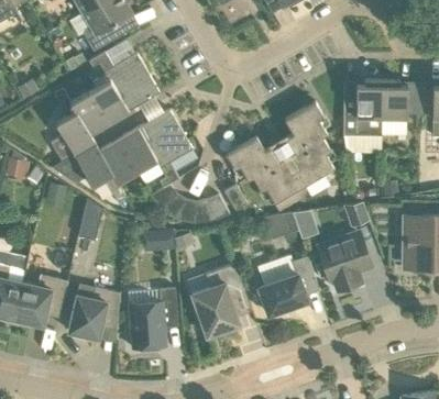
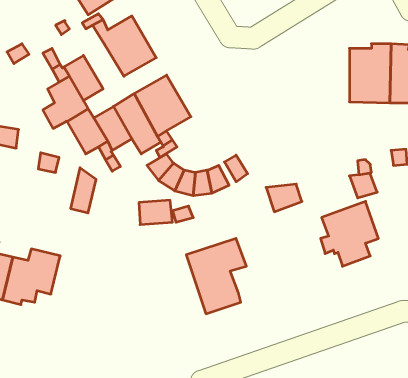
building: [90,80,129,123] -> none
building: [226,102,339,202] -> none
building: [259,256,320,314] -> none
building: [69,287,120,341] -> none
building: [129,288,178,348] -> none

